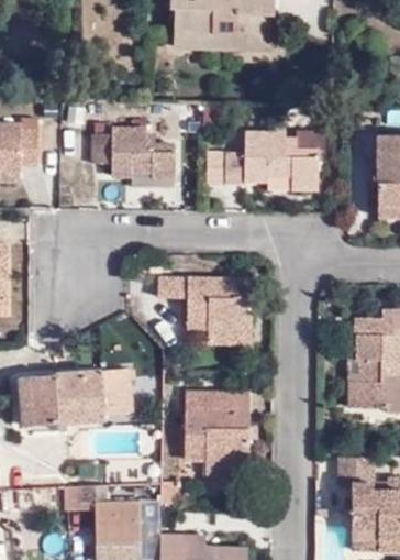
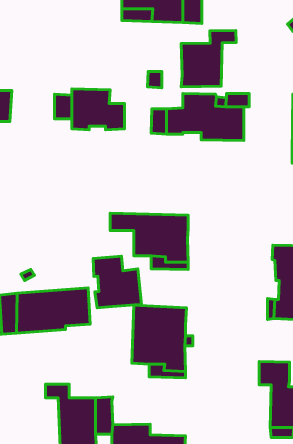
building: none -> [181,31,236,87]
building: none -> [93,256,142,308]

